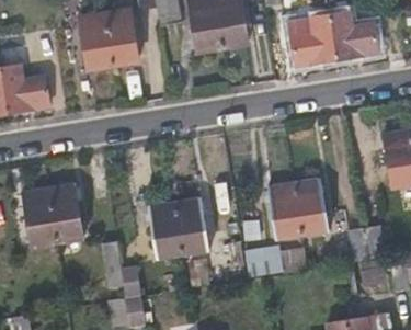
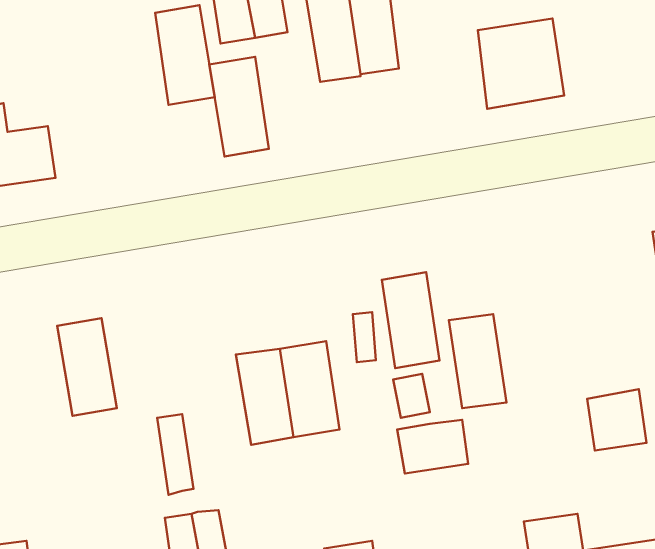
building: [77,12,111,69] -> [209,57,269,157]
building: [330,12,377,59] -> none
building: [296,180,329,235] -> [382,272,439,368]
building: [21,191,56,247] -> none

